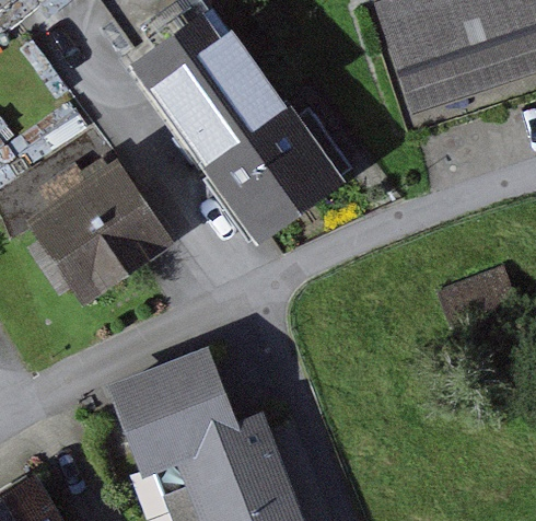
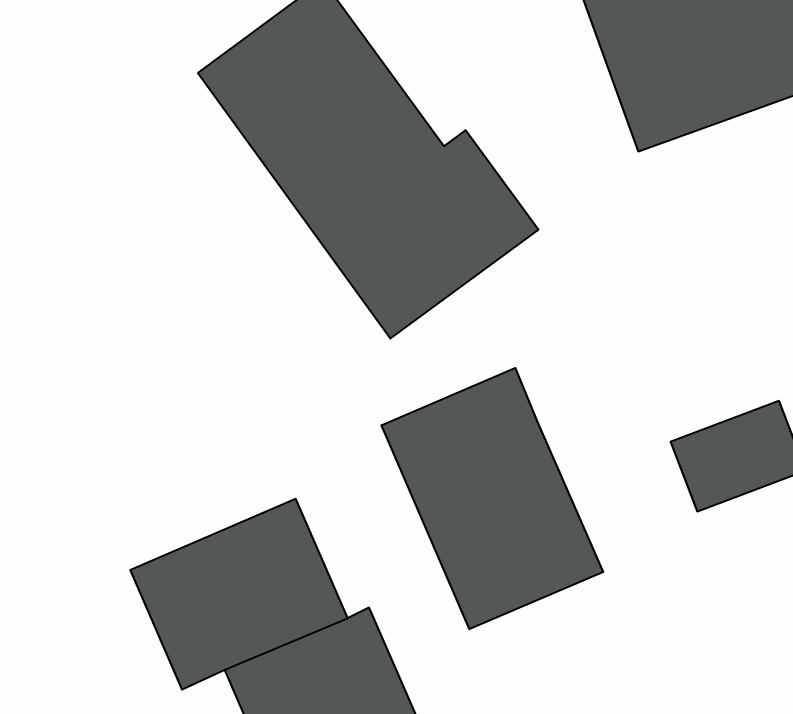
building: [26,161,175,302] -> none
building: none -> [382,368,603,629]

